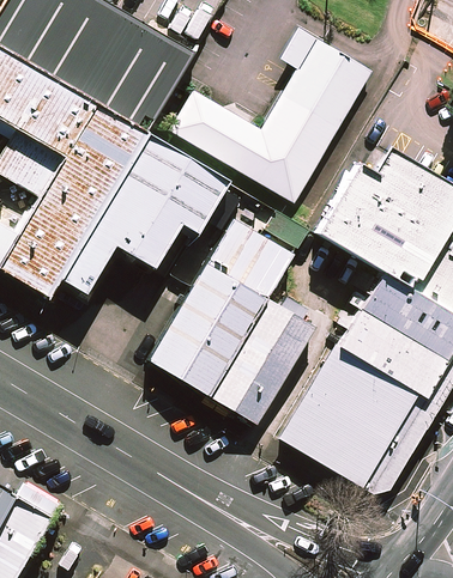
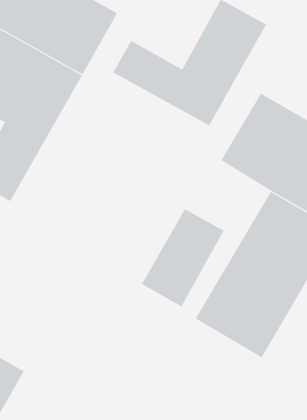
building: [49,128,213,294] -> none
building: [157,219,295,398] -> none

